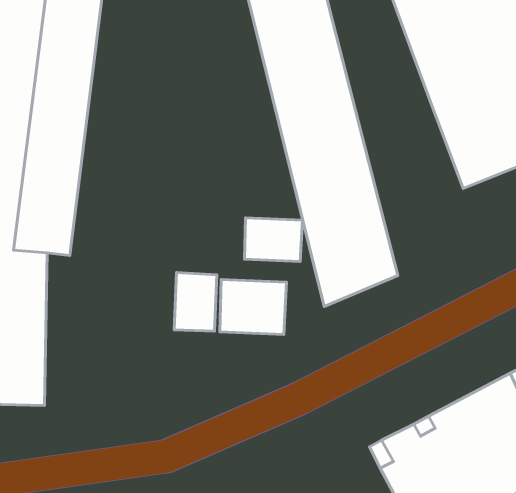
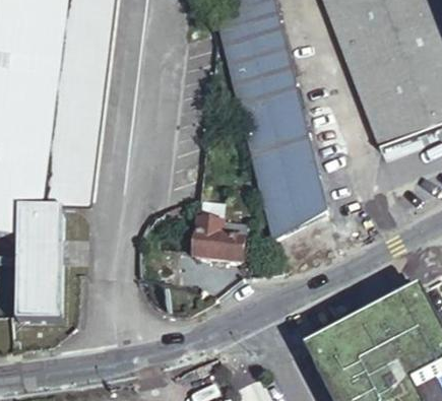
building: [244,218,303,262] -> none
building: [174,273,217,331] -> none

